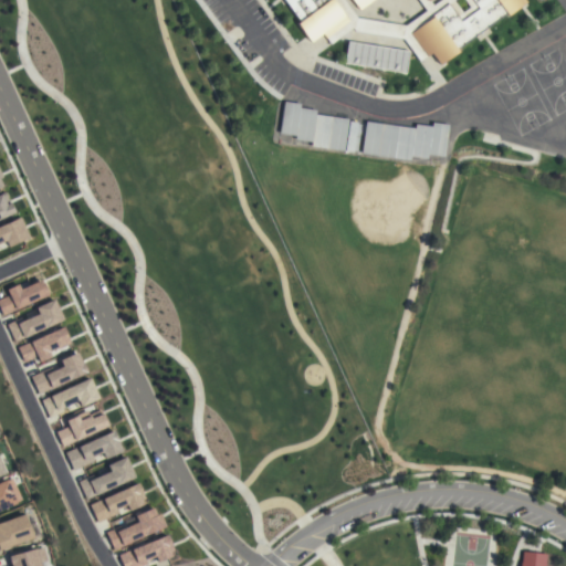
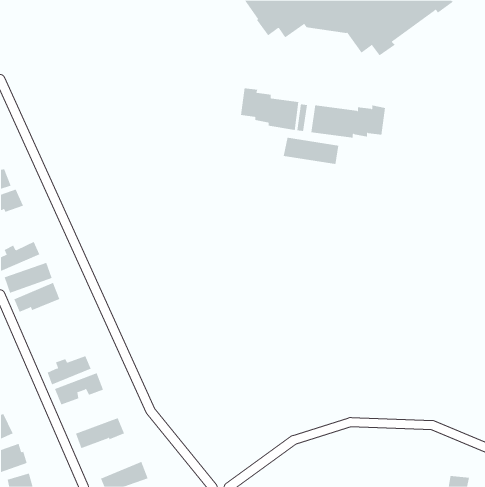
building: [346,41,411,73] -> [283,137,339,165]
building: [32,353,87,394] -> none
building: [42,379,98,419] -> none
building: [80,457,135,499] -> none
building: [107,507,165,549] -> none

